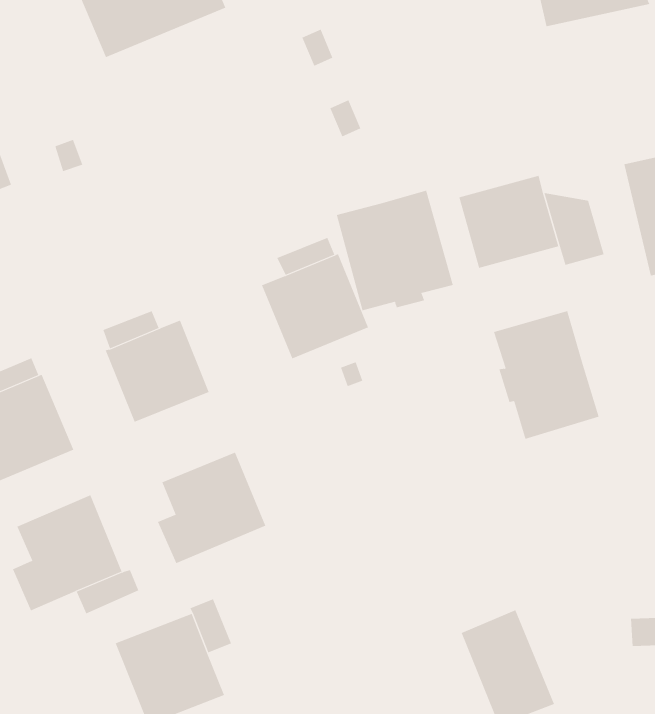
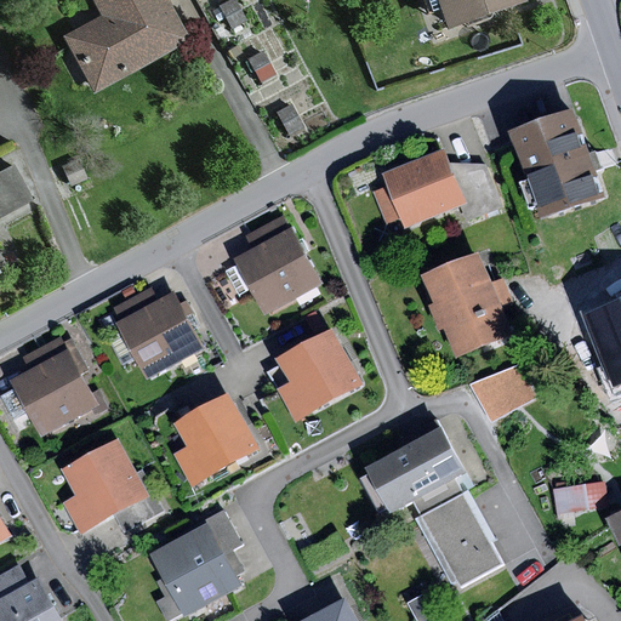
building: [336,190,453,311] -> none
building: none -> [277,329,363,422]
building: none -> [475,357,542,415]
building: none -> [364,426,466,515]

